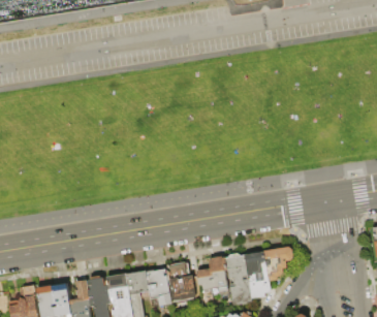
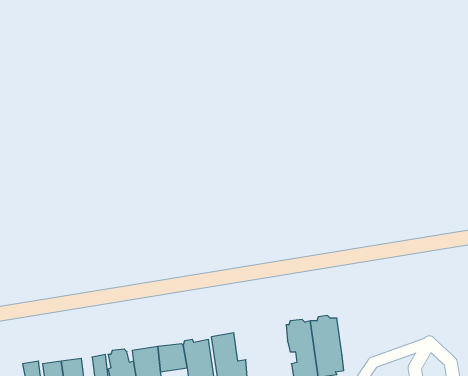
building: [263,248,293,282] -> none
building: [196,258,227,291] -> none

